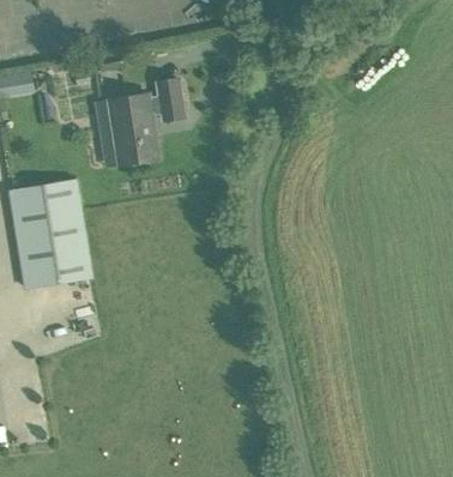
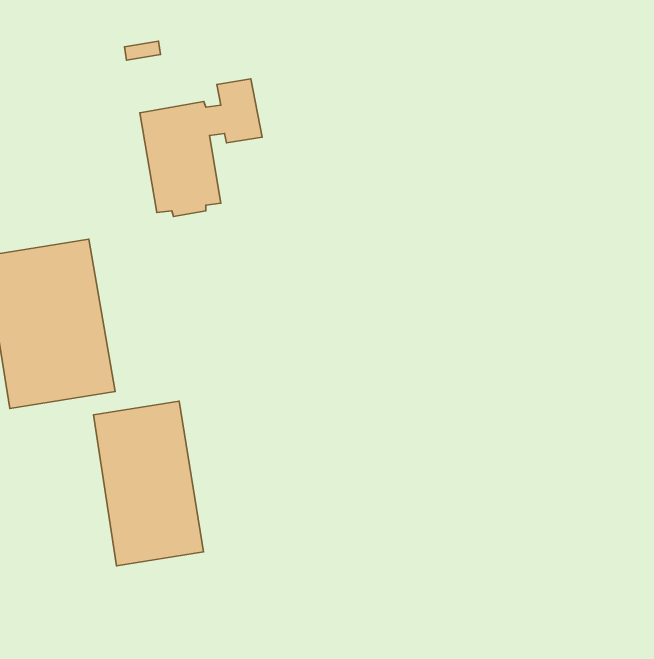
building: none -> [94,401,204,566]

